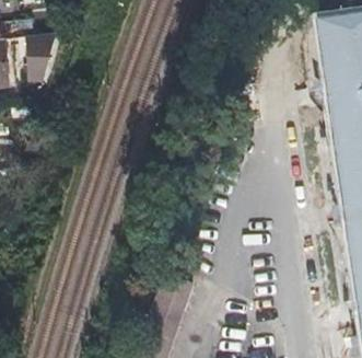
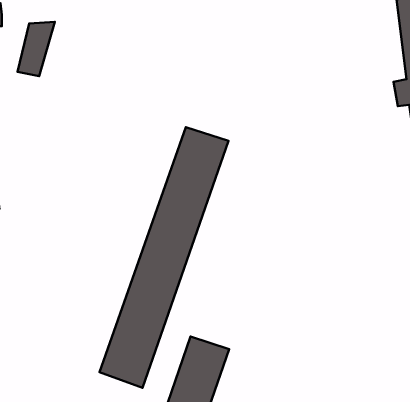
building: none -> [99,127,228,388]

